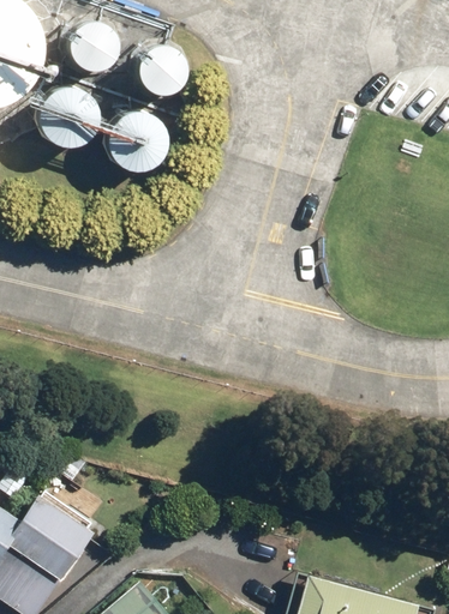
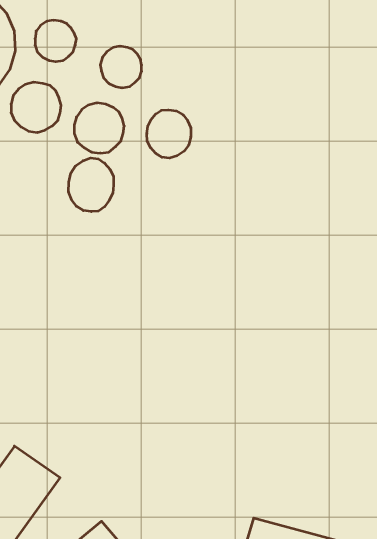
building: none -> [147,110,191,158]
building: none -> [69,158,114,212]

